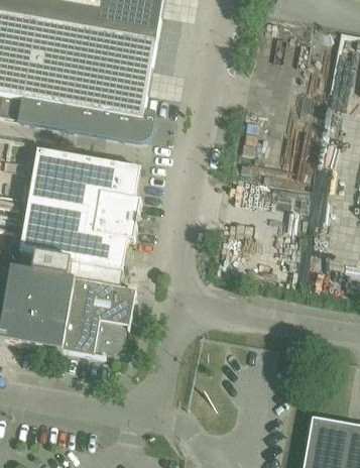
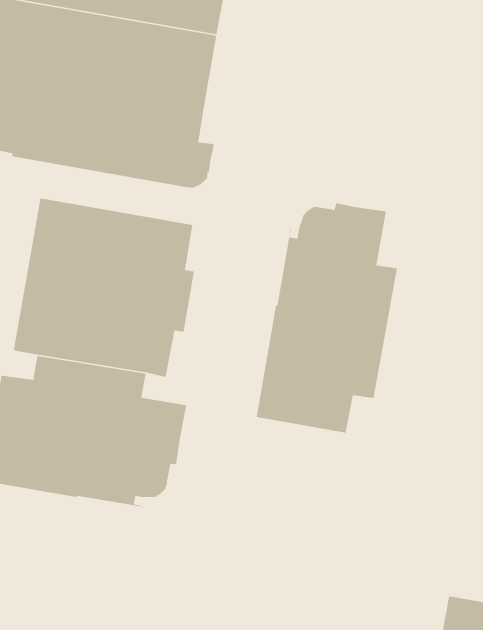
building: none -> [256,202,398,433]

